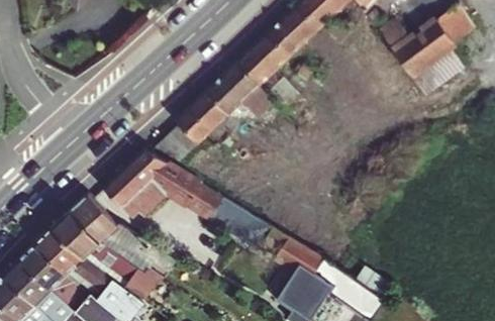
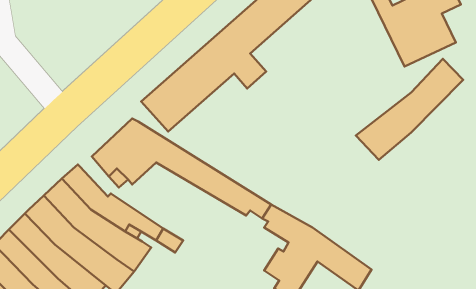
building: none -> [356,59,463,160]

